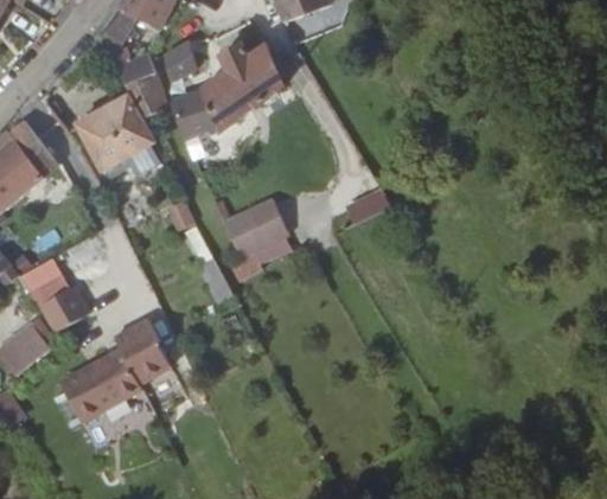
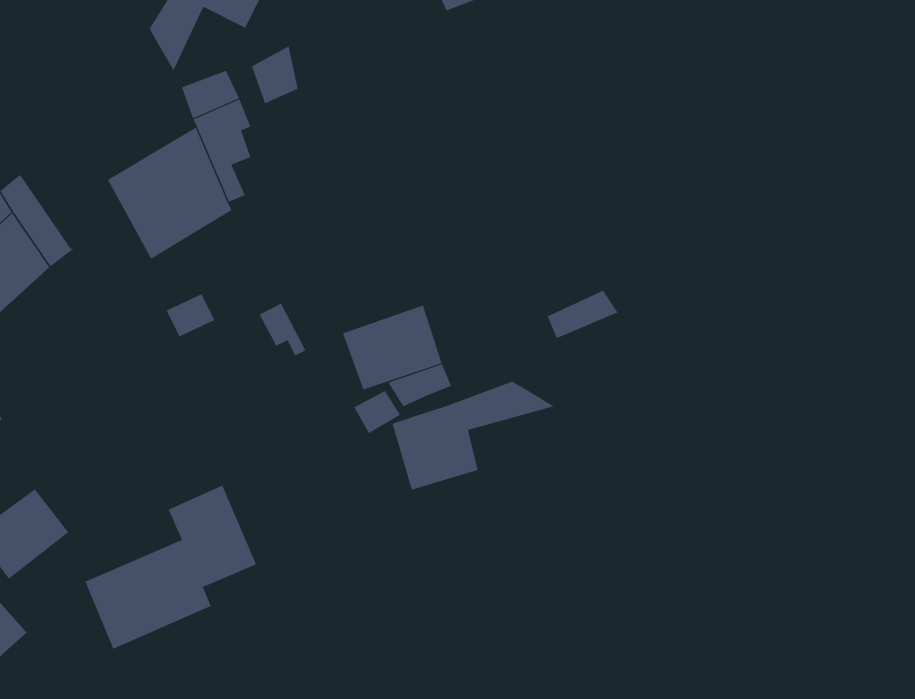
building: [168,43,282,139] -> none
building: none -> [392,381,555,490]
building: [20,252,87,330] -> none

